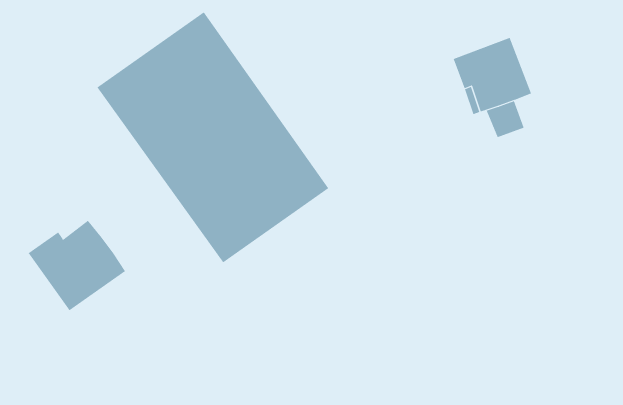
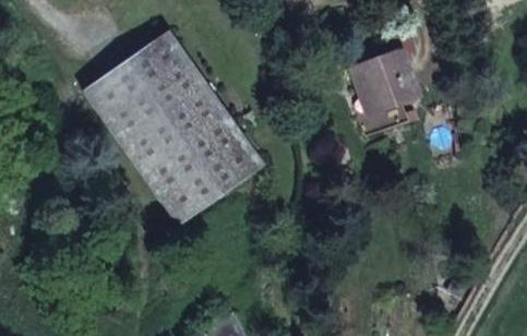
building: [28,220,126,311] -> none

